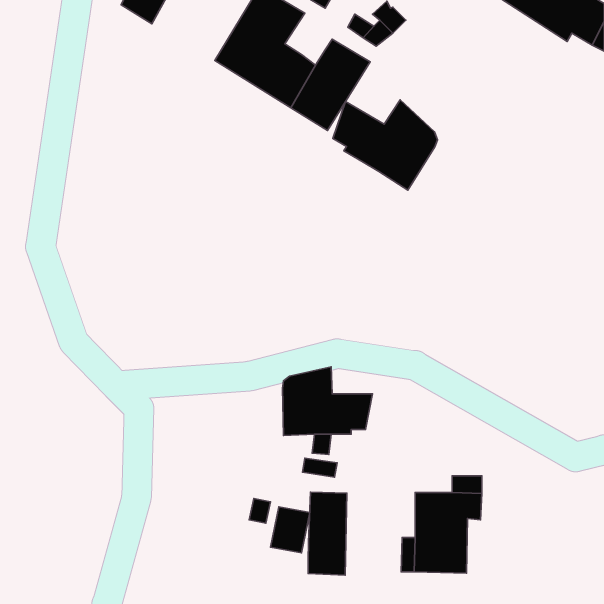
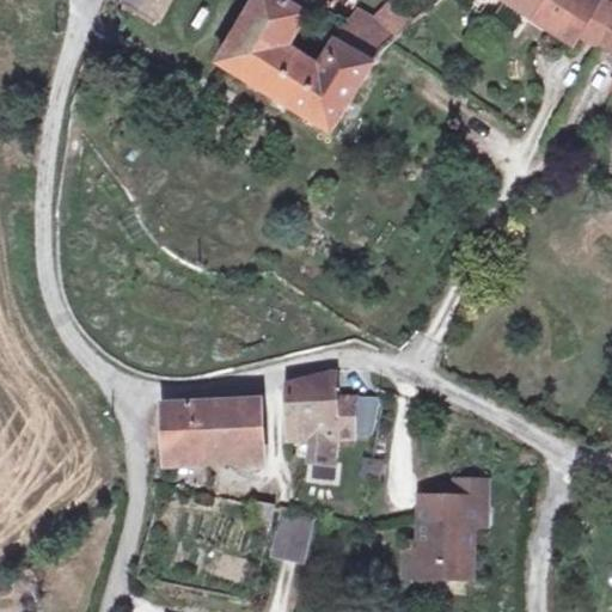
building: [333,100,438,190] -> none
building: none -> [161,398,263,459]
building: [308,492,347,575] -> none

